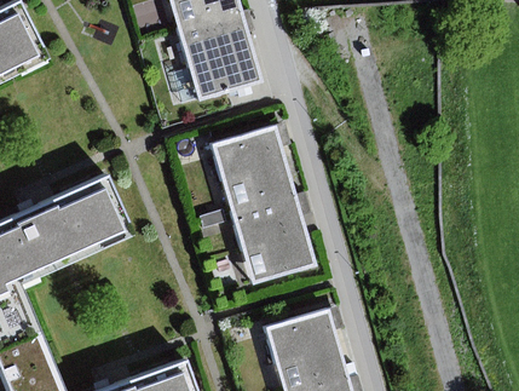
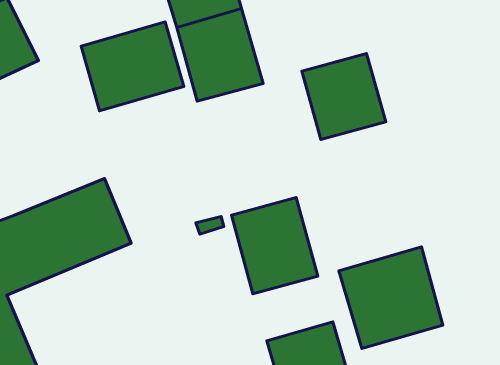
building: none -> [81,22,184,111]
building: [212,125,292,207] -> [302,53,386,140]
building: none -> [339,247,443,348]

